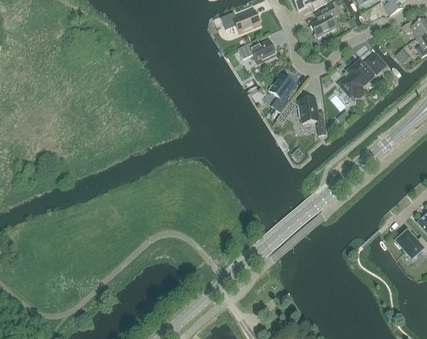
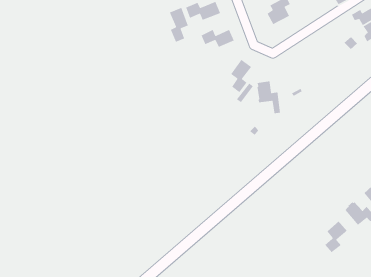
building: none -> [169,7,189,43]
building: [339,54,385,98] -> none
building: none -> [324,221,348,253]

